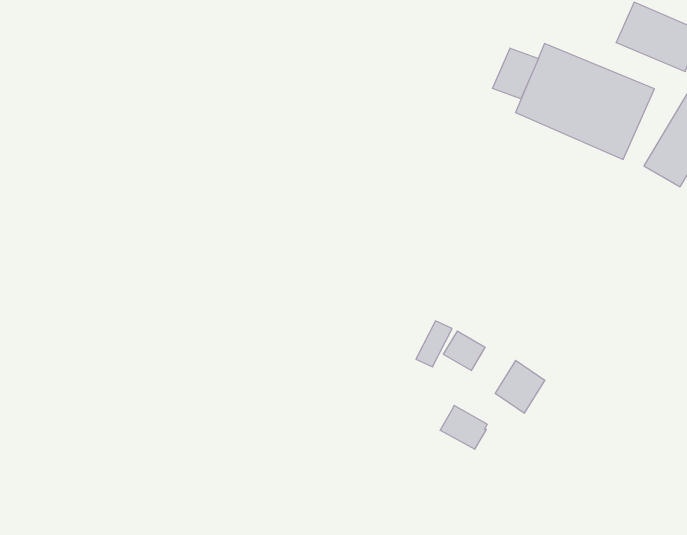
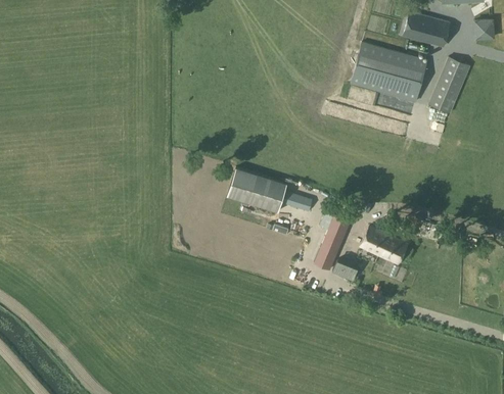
building: [493,48,538,99] -> none
building: none -> [227,167,313,212]
building: none -> [314,229,346,270]
building: none -> [379,236,408,264]

